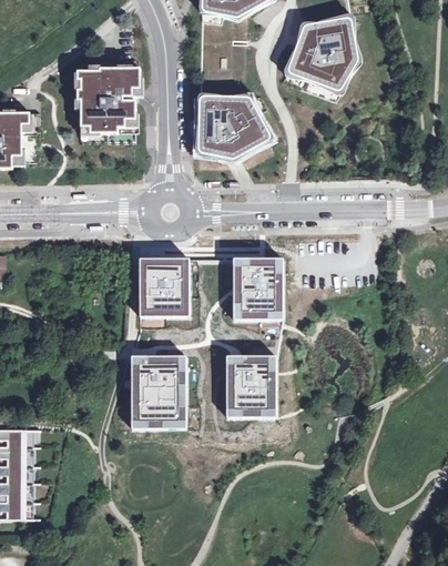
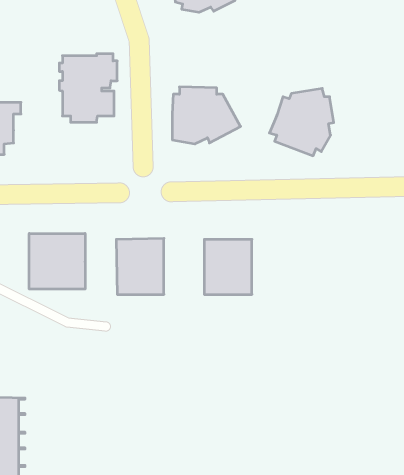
building: [287,17,356,89] -> [269,88,334,156]
building: none -> [29,233,85,289]
building: [130,355,185,427] -> none
building: [224,355,275,415] -> none

